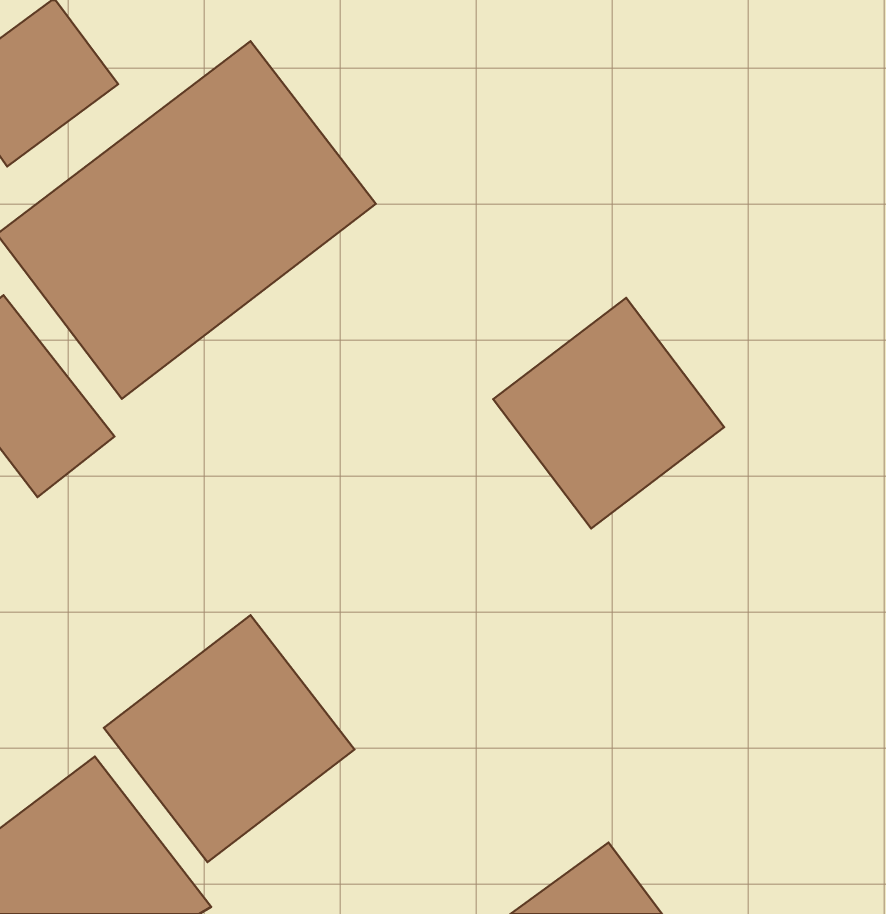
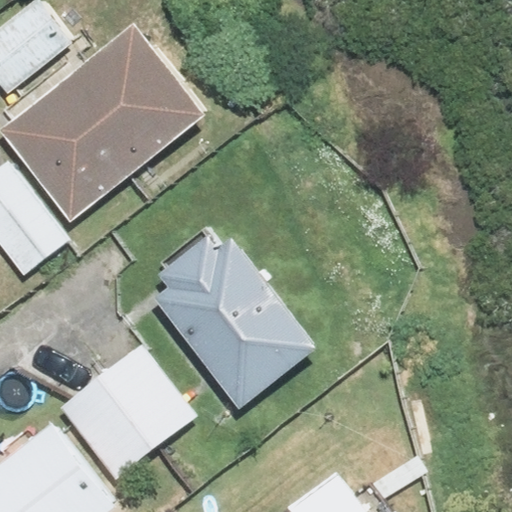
building: [493,298,724,528] -> none
building: none -> [150,220,311,394]

